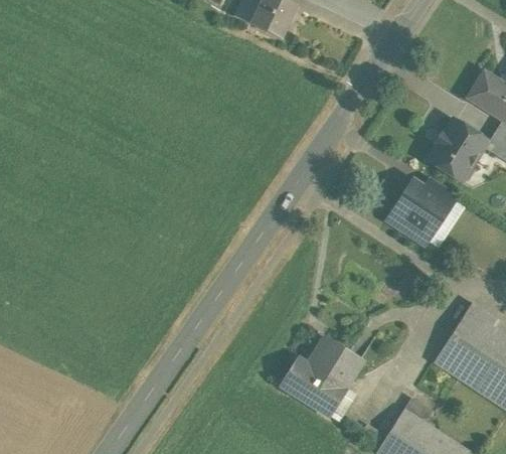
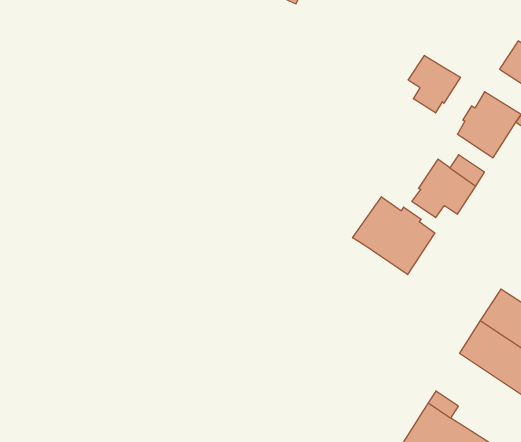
building: none -> [408,55,461,113]
building: none -> [353,197,435,275]
building: [281,338,362,416] -> none

